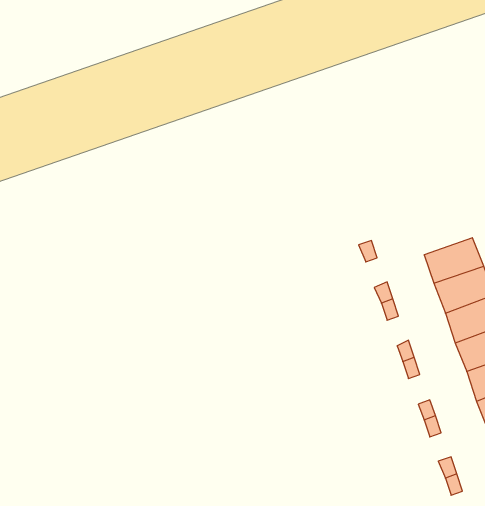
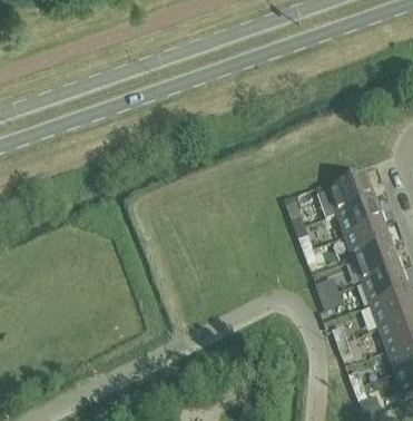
building: none -> [318,174,375,216]

